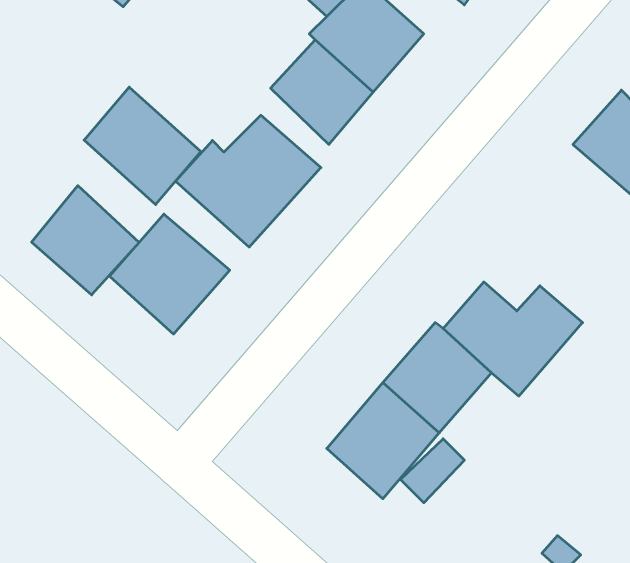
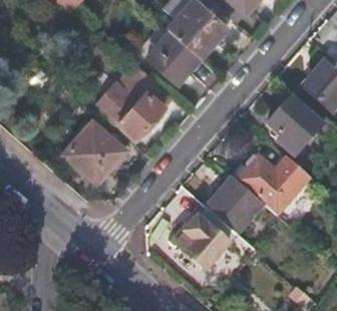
building: [84,87,201,205] -> none
building: none -> [264,99,318,156]
building: [32,186,139,295] -> none

